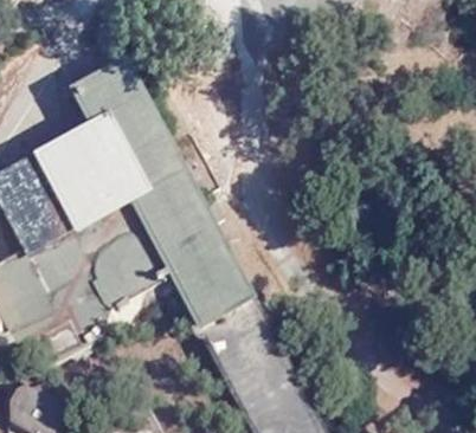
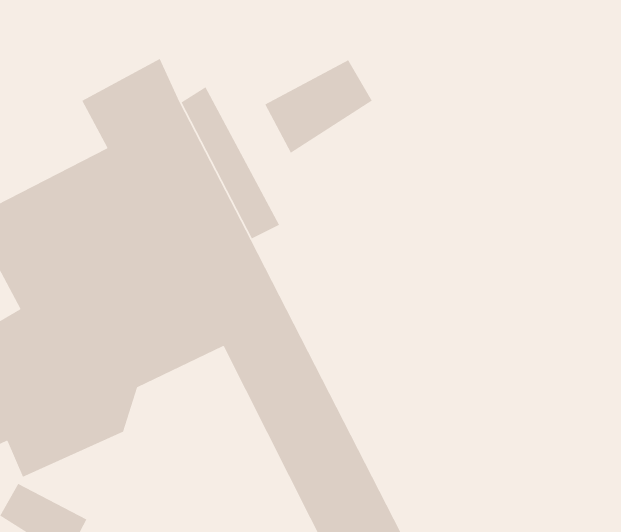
building: none -> [264,59,373,154]

